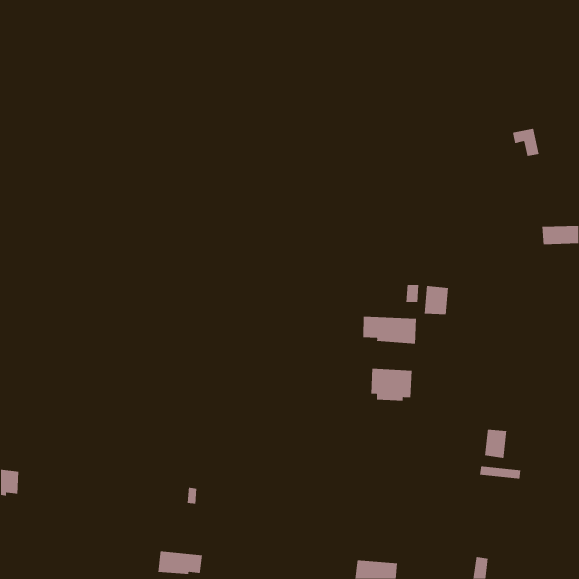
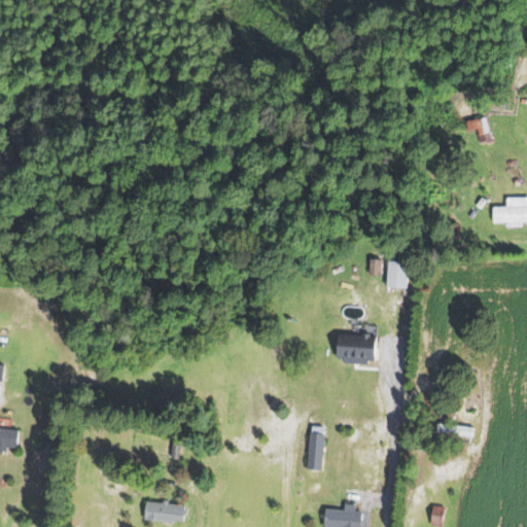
building: [363,316,417,344] -> none
building: [485,429,507,459] -> none
building: none -> [305,431,324,470]

